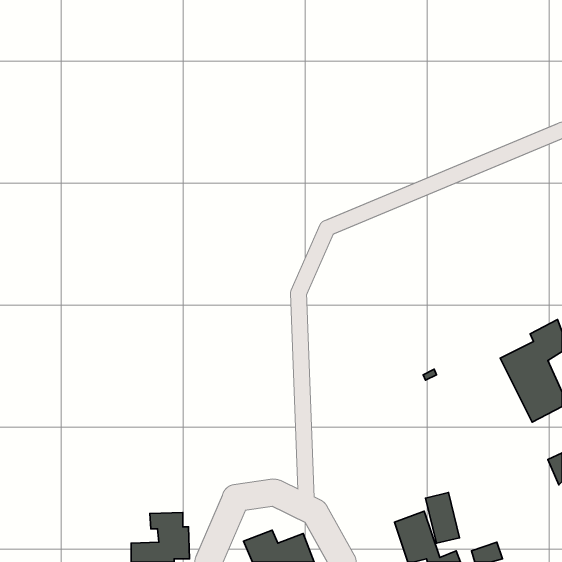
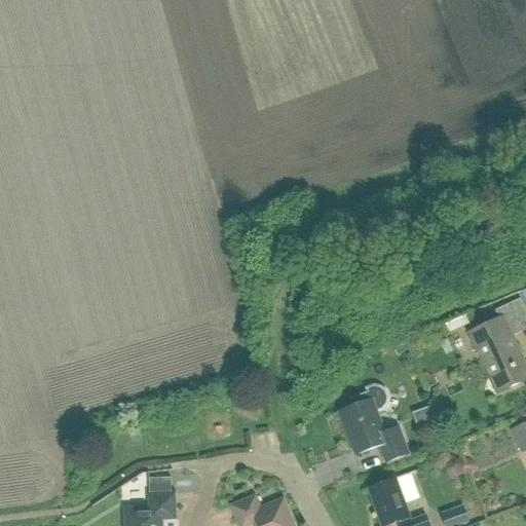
building: none -> [339,399,410,462]

